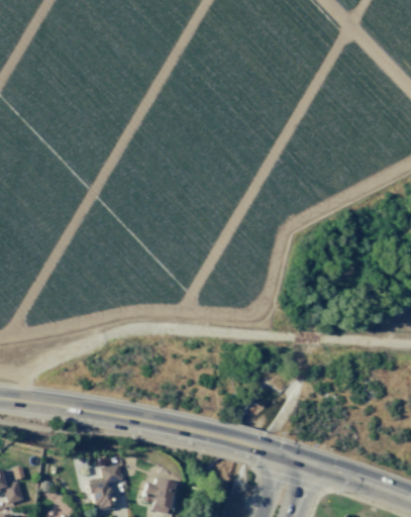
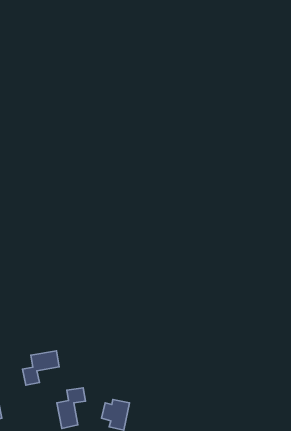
building: none -> [22,351,59,385]

